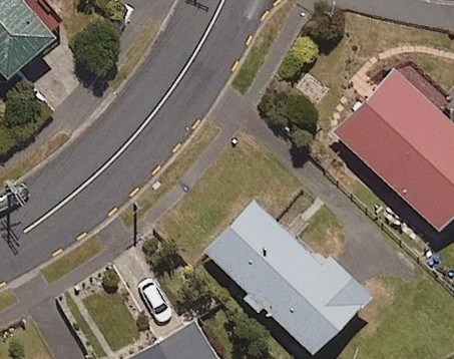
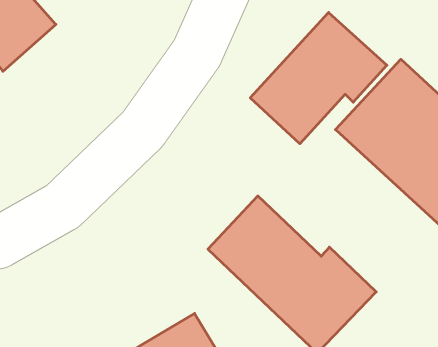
building: none -> [250,12,387,144]

